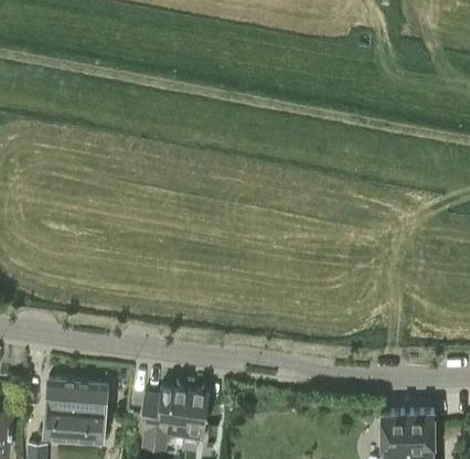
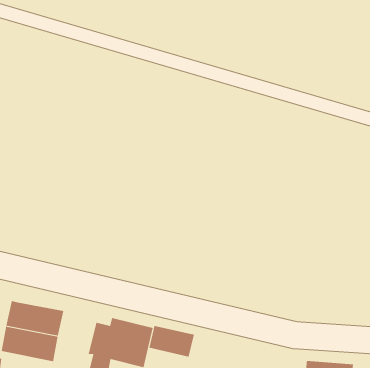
building: none -> [149,325,195,357]

